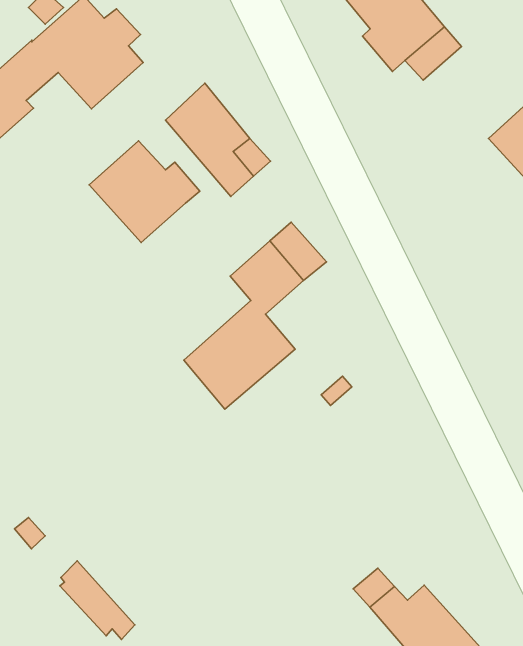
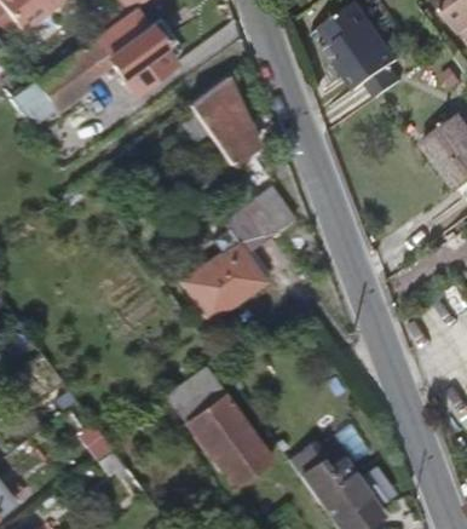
building: [89,141,200,242] -> none
building: none -> [168,367,272,487]

